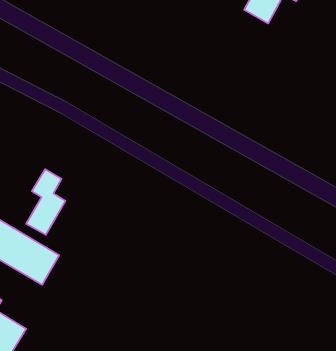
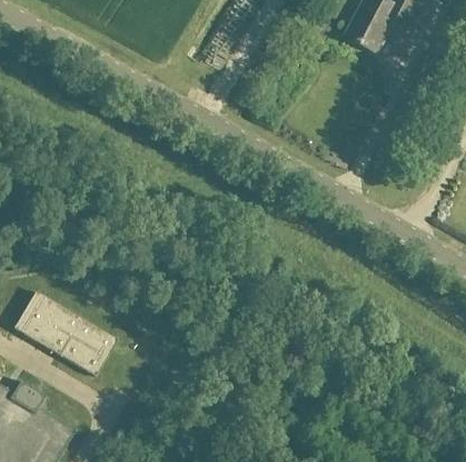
building: [26,169,66,235] -> none

